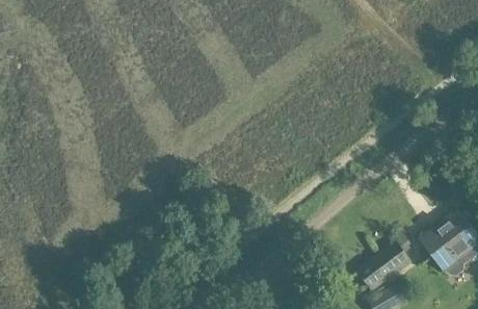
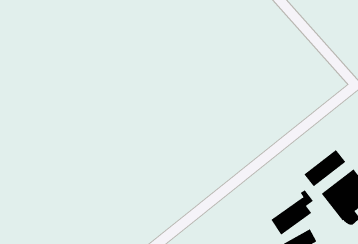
building: none -> [303,149,346,187]

